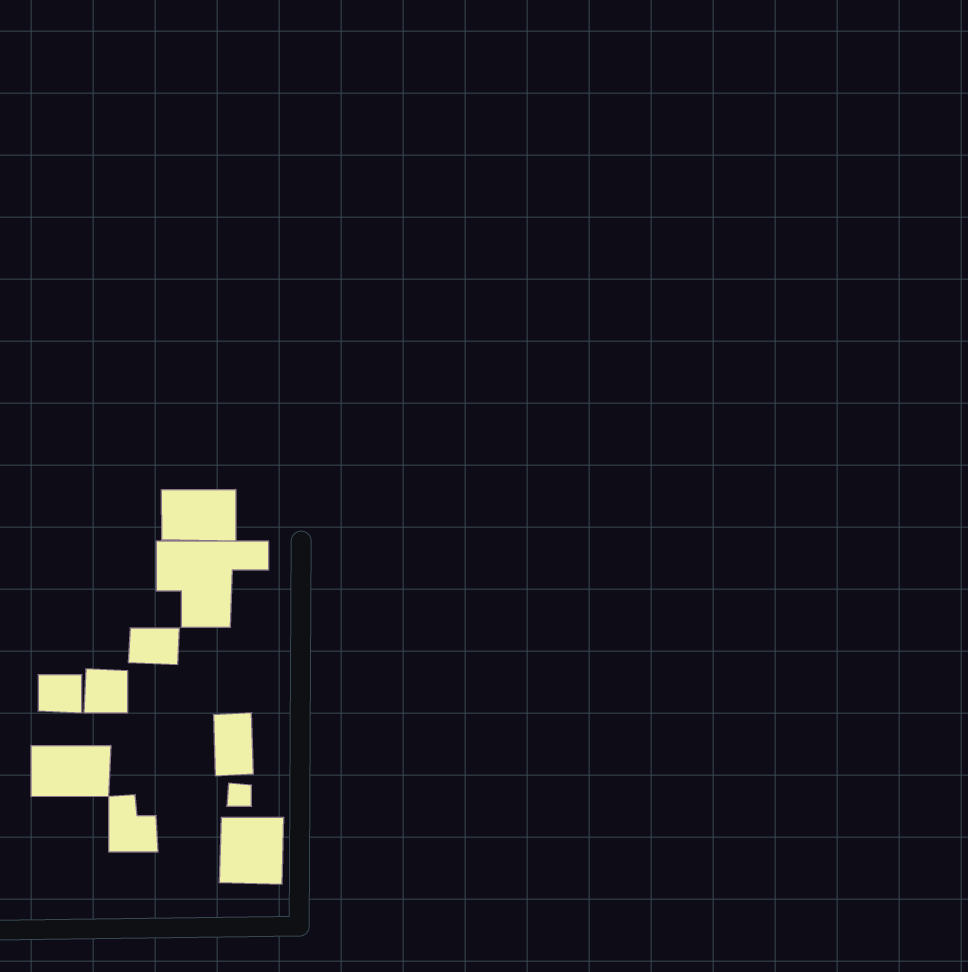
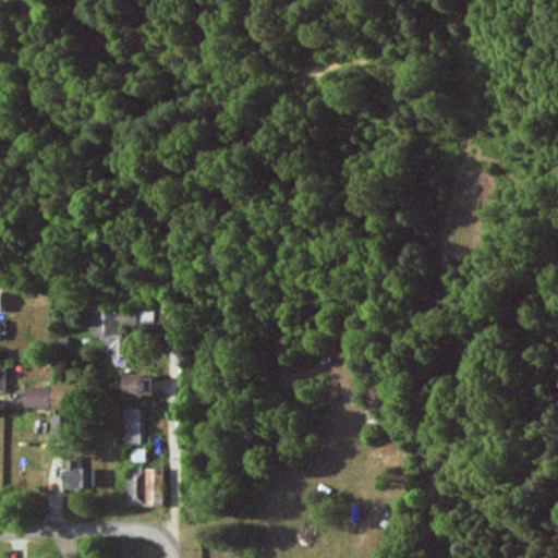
building: [162,489,236,541] -> none
building: [128,628,180,664] -> [121,376,150,397]
building: [31,745,111,797] -> none

